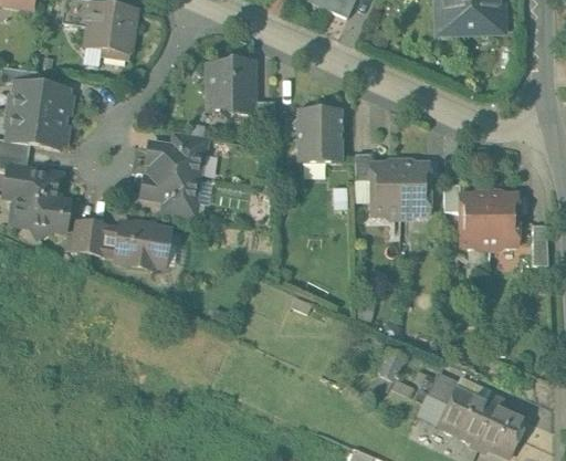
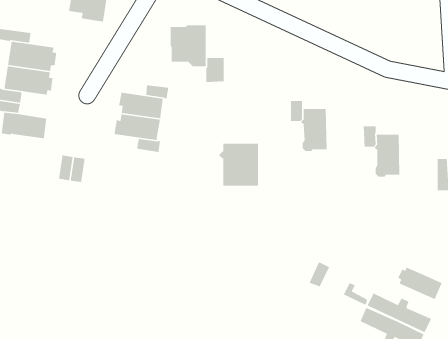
building: [292,109,342,163] -> [218,143,259,186]
building: [399,164,431,217] -> none
building: [488,195,520,248] -> none
building: [12,196,70,235] -> none
building: [114,221,170,270] -> none
building: none -> [397,266,443,300]

